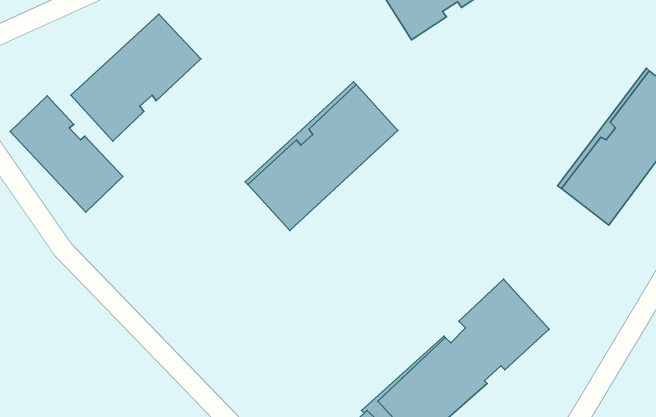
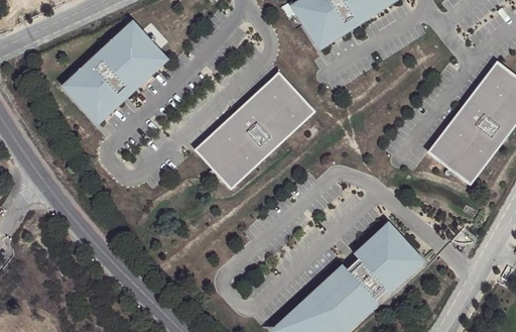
building: [10,96,123,212] -> none

